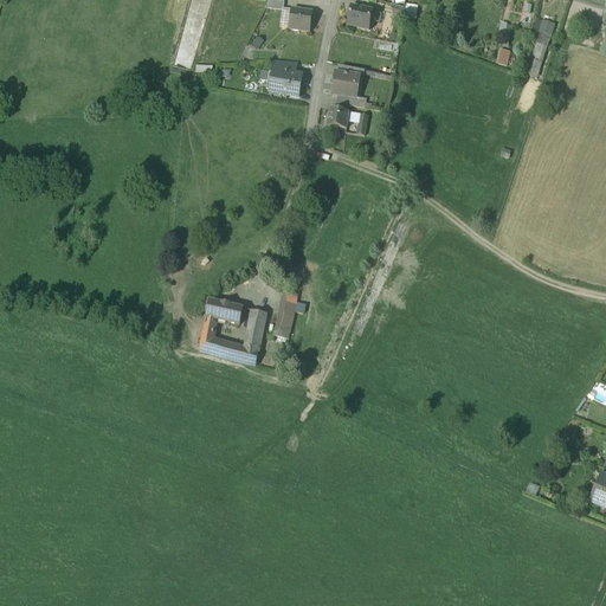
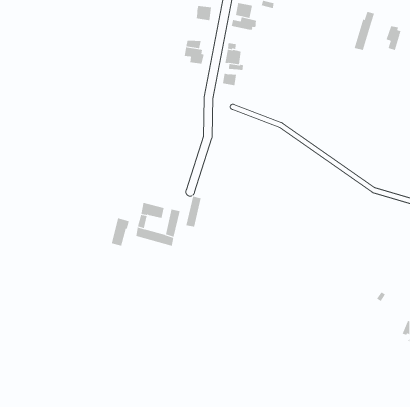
building: none -> [231,17,256,31]
building: none -> [386,25,401,51]
building: none -> [111,217,129,246]

